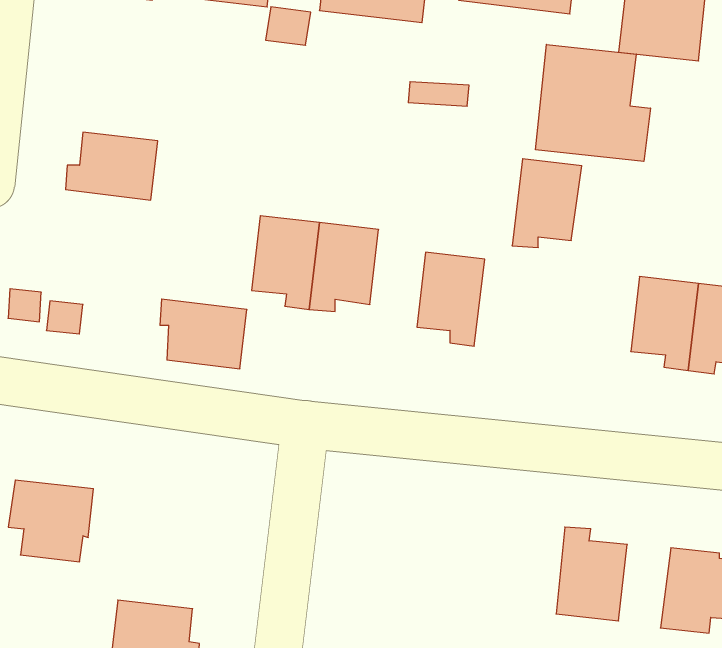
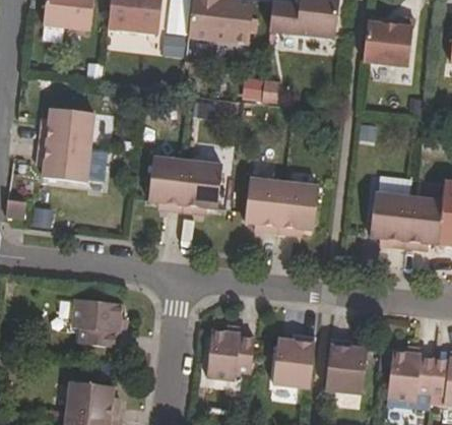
building: [536,44,650,161] -> none
building: [512,159,582,247] -> [278,182,319,234]
building: [160,299,247,369] -> [39,141,89,182]
building: [8,480,93,562] -> [72,299,122,347]
building: none -> [207,330,255,379]
building: none -> [273,335,316,387]

